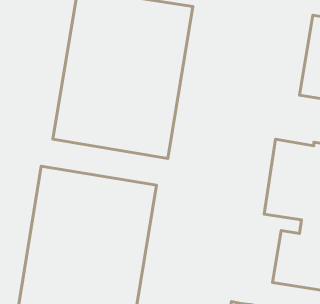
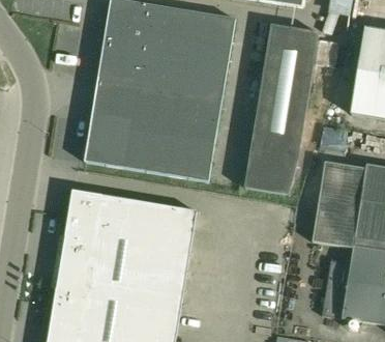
building: none -> [244,23,320,194]

